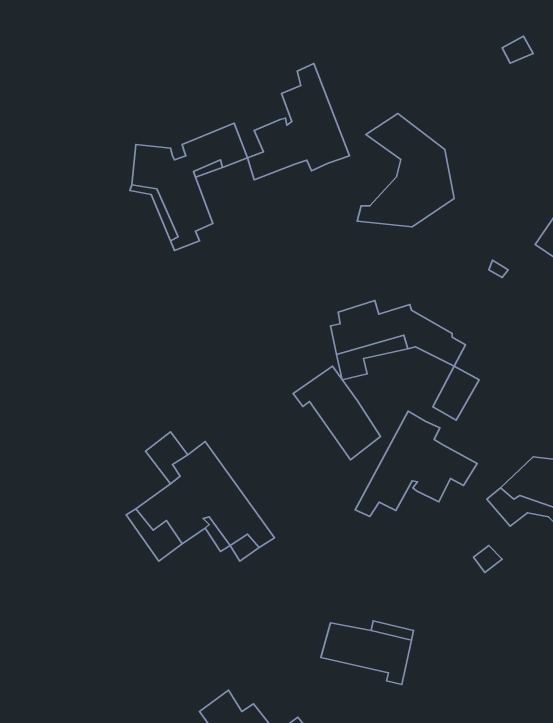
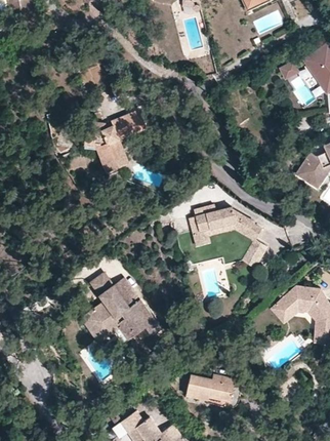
building: [248,64,349,180] -> none
building: [357,114,454,227] -> none
building: [293,366,381,460] -> none
building: [355,411,477,516] -> none

